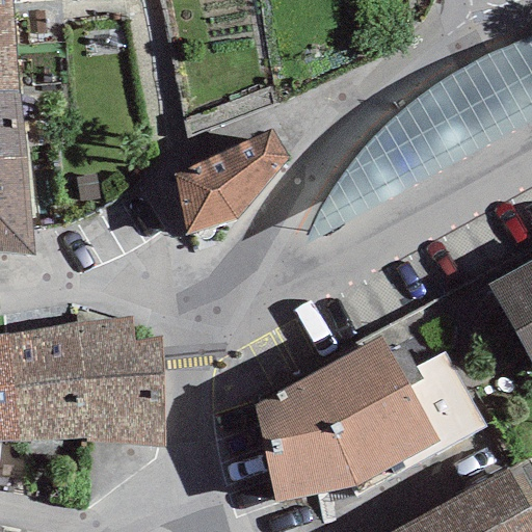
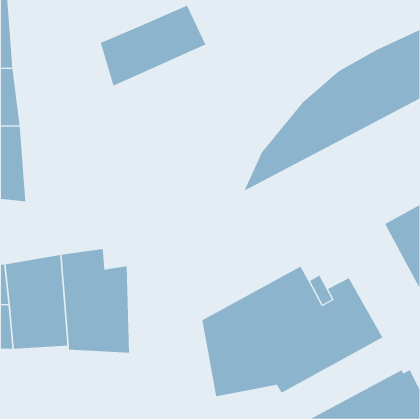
building: none -> [100,5,206,86]
building: [172,128,288,235] -> none

